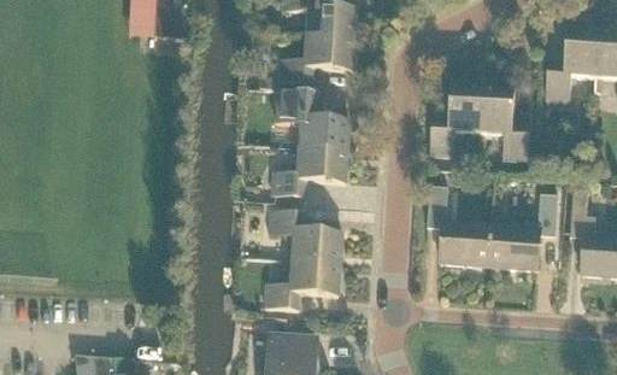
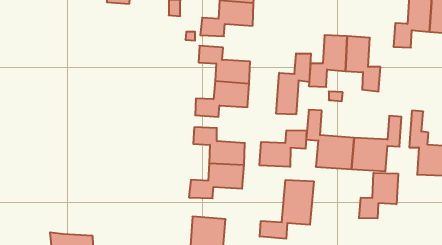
building: none -> [276,53,311,114]
building: none -> [260,130,307,167]
building: none -> [359,173,398,218]
building: none -> [260,180,314,239]

